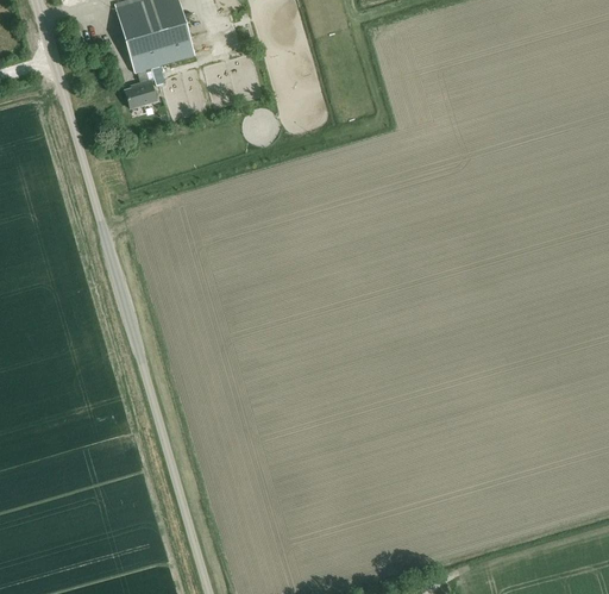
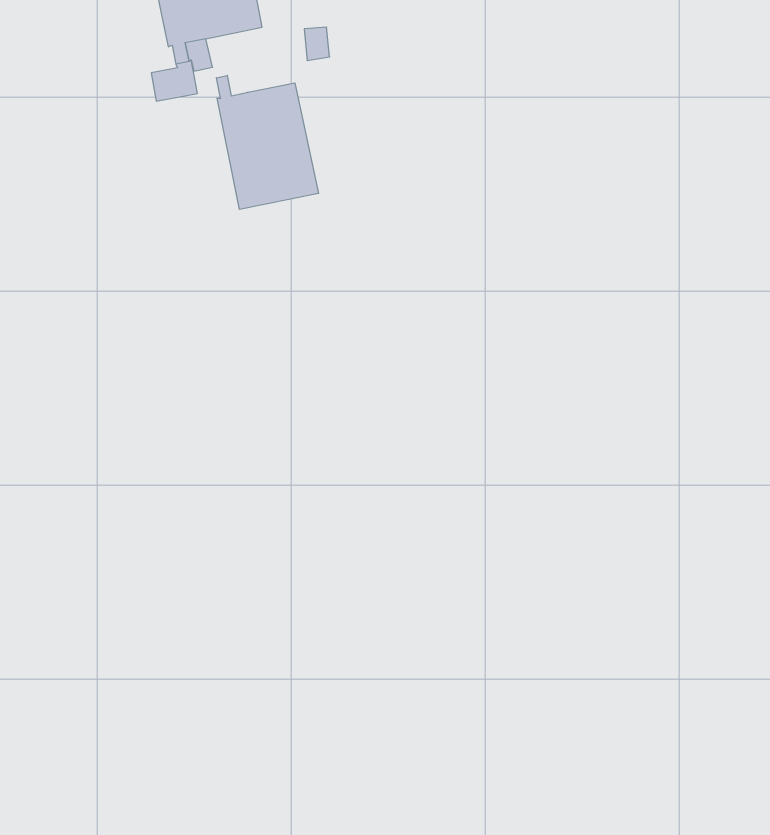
building: none -> [216,75,319,209]

